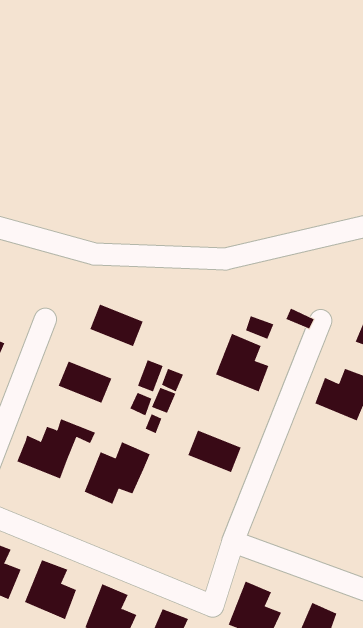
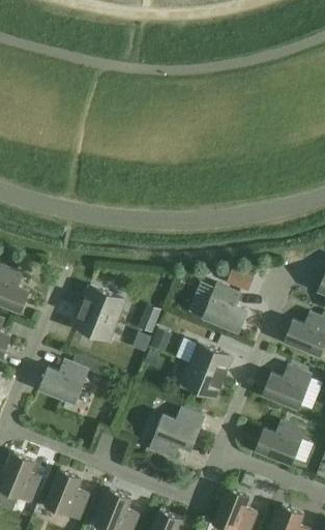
building: [89,304,143,347] -> [81,286,125,321]
building: none -> [187,343,232,378]
building: none -> [262,365,312,409]
building: [84,441,150,504] -> [149,407,204,459]
building: none -> [255,421,304,465]

